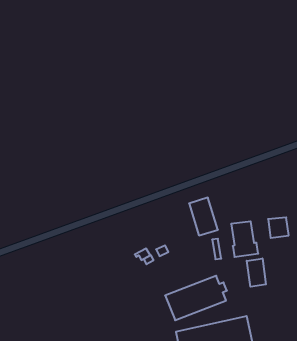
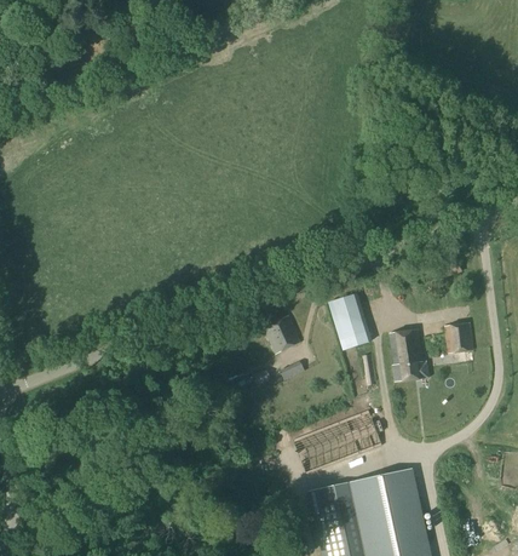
building: none -> [263,316,299,354]
building: [247,258,266,287] -> none

